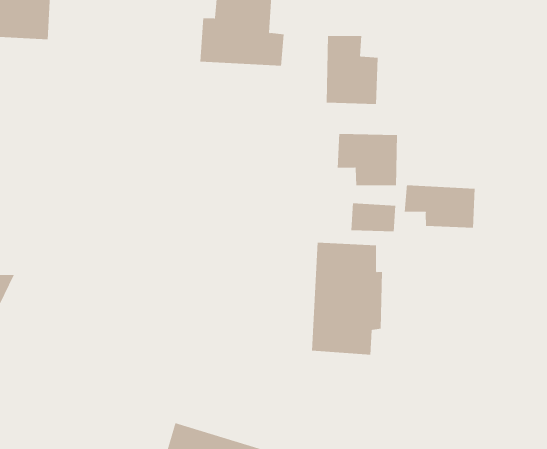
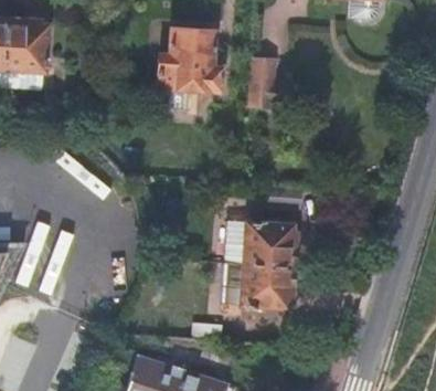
building: [337,133,397,186] -> none
building: [404,184,475,229] -> none

